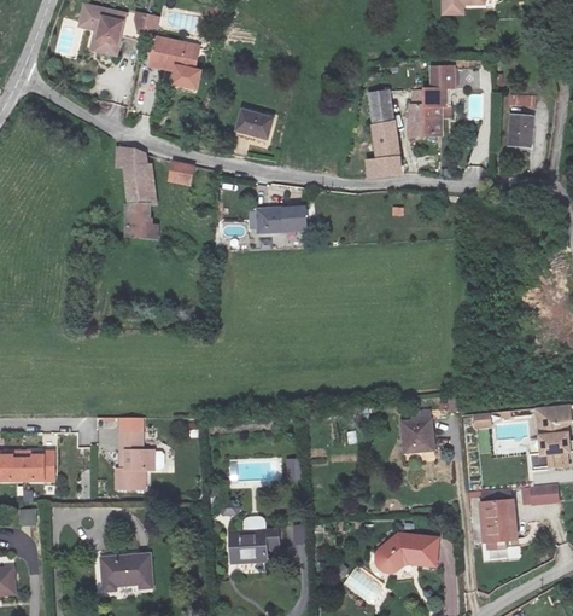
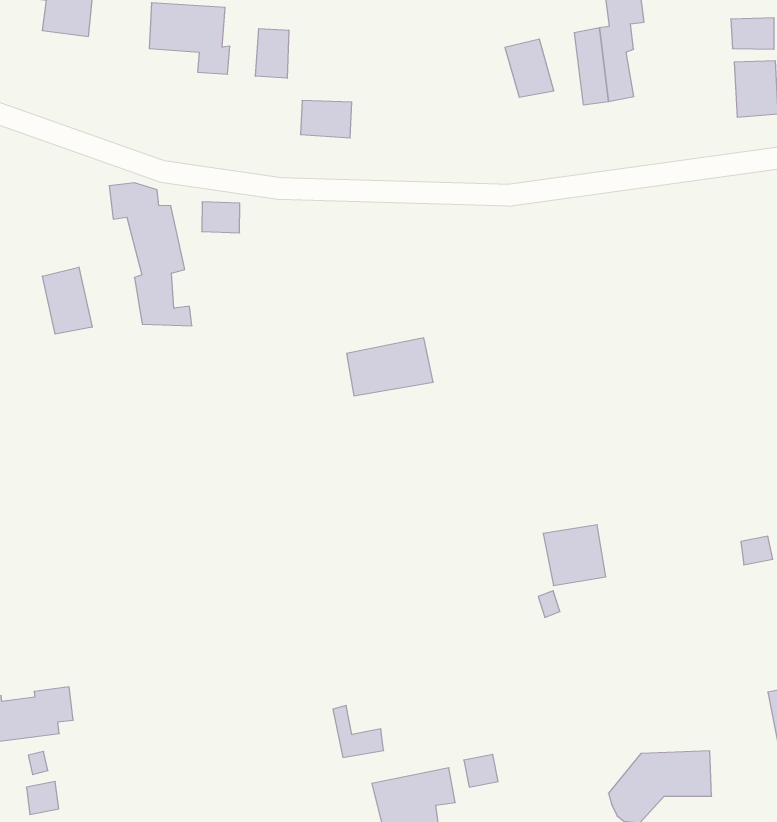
building: none -> [255,29,289,78]
building: [370,122,405,178] -> none
building: none -> [42,267,92,334]
building: [259,205,310,236] -> [347,338,433,396]
building: [397,419,432,453] -> [543,525,606,586]
building: [118,426,156,483] -> none

